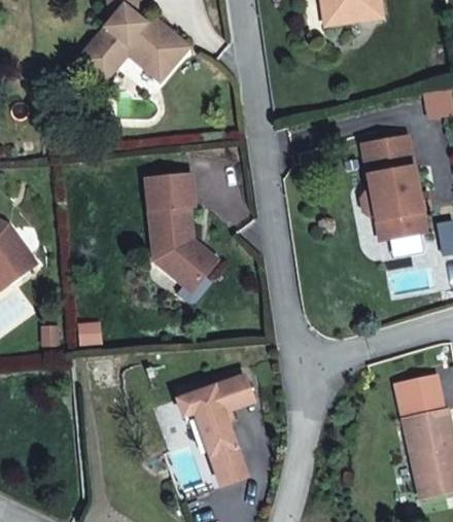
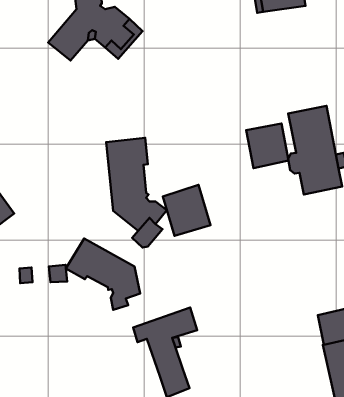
building: none -> [246,123,289,168]
building: none -> [163,185,211,236]
building: none -> [66,238,140,310]

